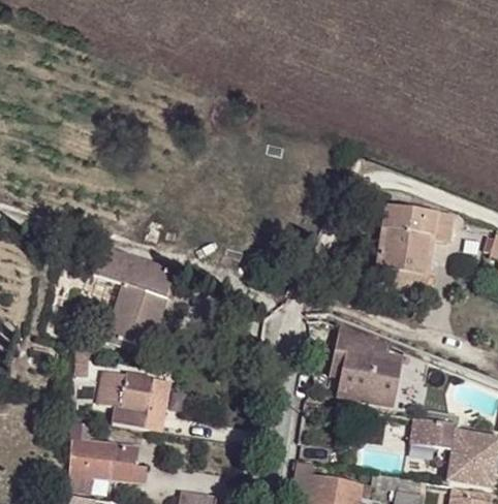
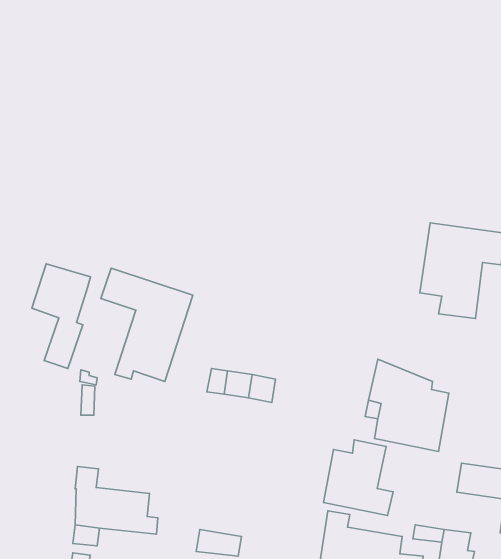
building: none -> [32,264,90,368]
building: [100,371,170,432] -> none
building: none -> [323,440,393,515]

